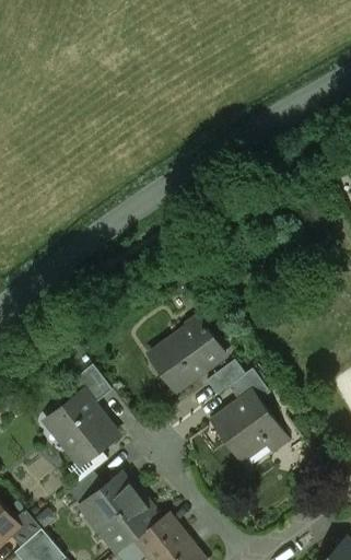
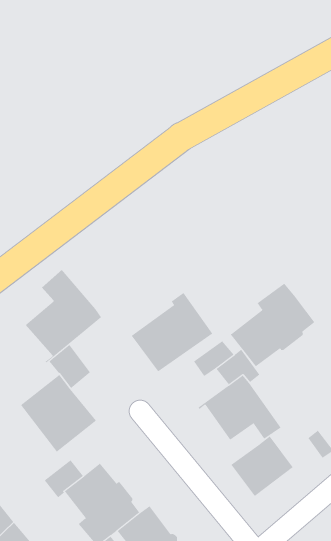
building: none -> [25,269,102,363]
building: none -> [230,283,315,367]
building: none -> [231,435,294,497]

